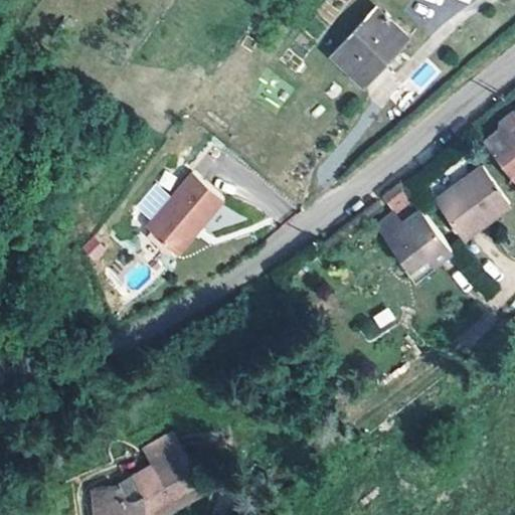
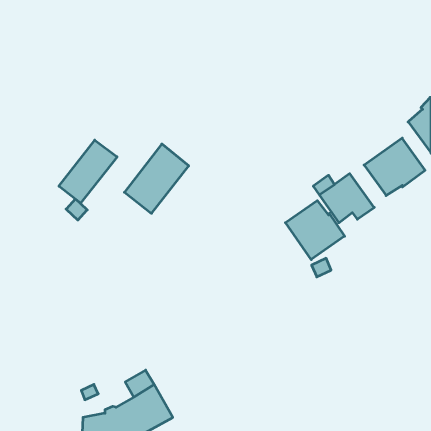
building: [336,9,406,82] -> none
building: none -> [59,140,117,203]
building: none -> [285,201,345,260]

